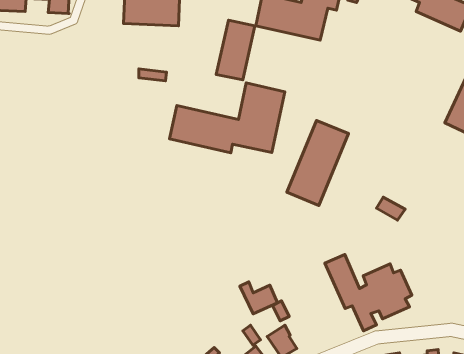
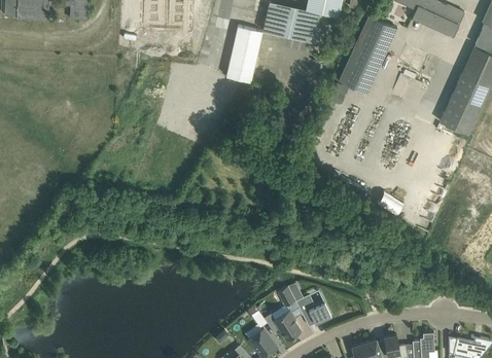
building: [169,83,285,153] -> none
building: [287,120,349,205] -> [338,14,395,94]
building: [325,255,412,331] -> none
building: [240,282,277,314] -> [296,296,331,326]

